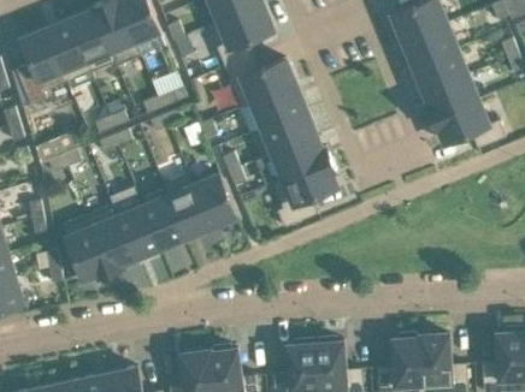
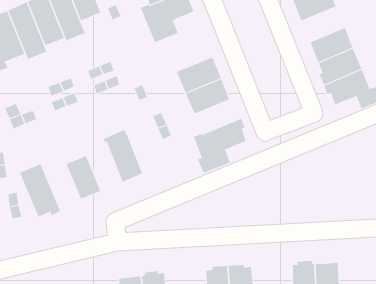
building: [403,25,458,69] -> none
building: [225,58,296,109] -> none
building: [273,138,331,182] -> none
building: [194,174,237,228] -> none
building: [138,190,185,250] -> none
building: [87,206,135,274] -> none

